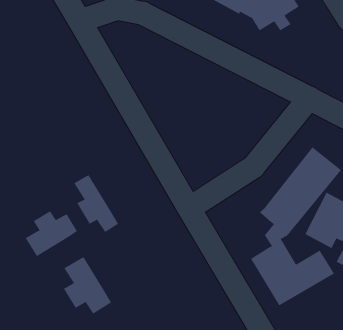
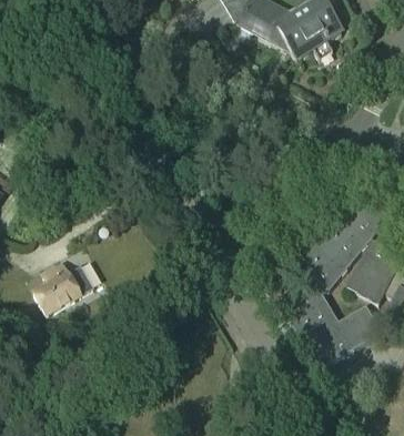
building: [74,174,119,233] -> none
building: [63,256,112,314] -> none

